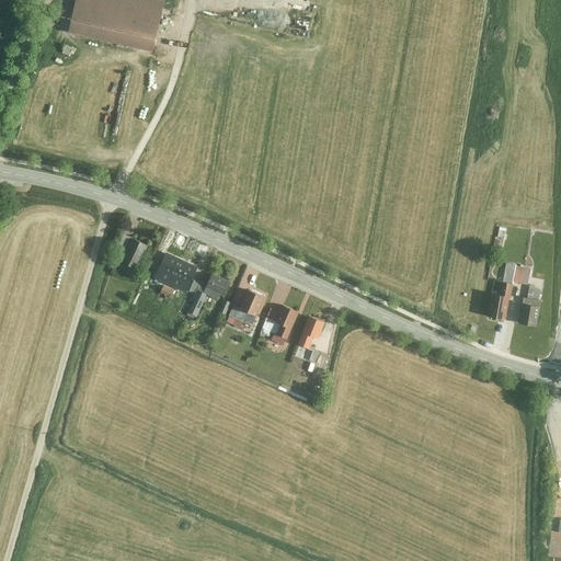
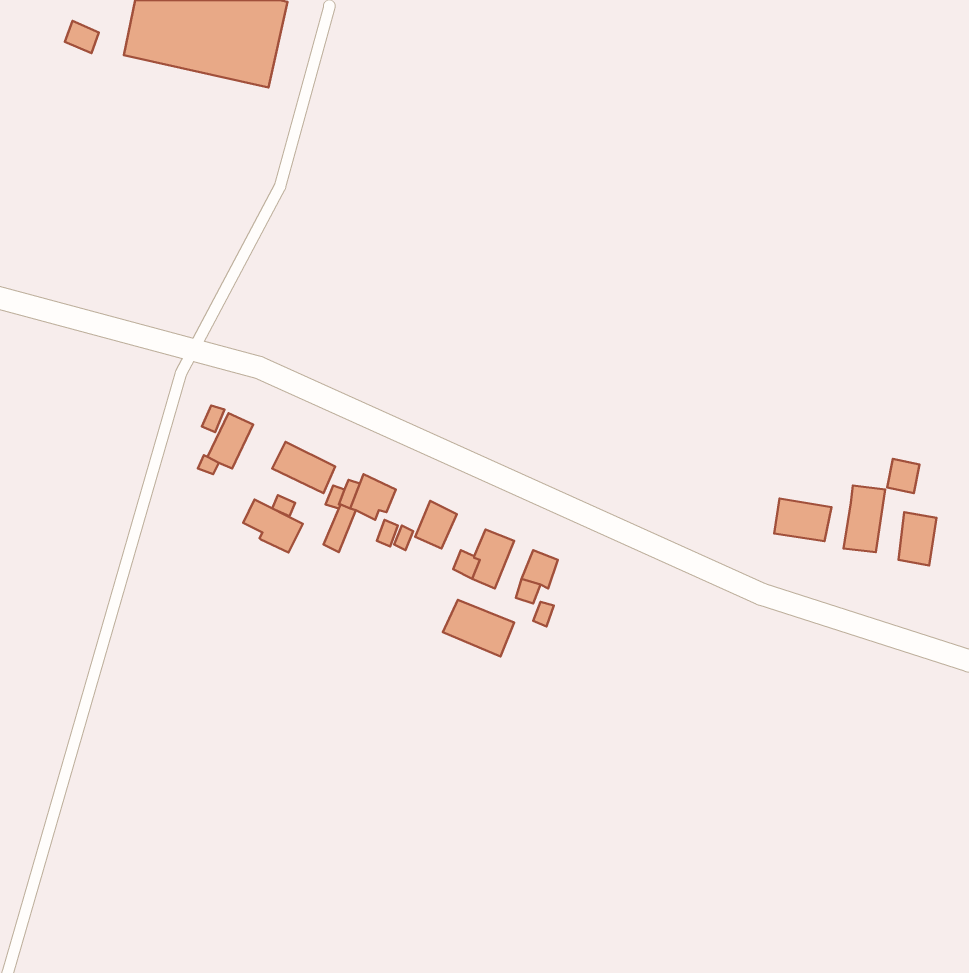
building: none -> [774,498,831,541]
building: none -> [243,500,303,553]
building: none -> [443,600,514,656]

